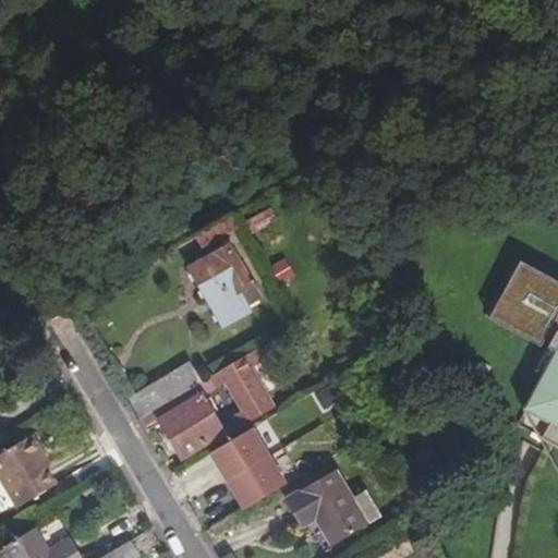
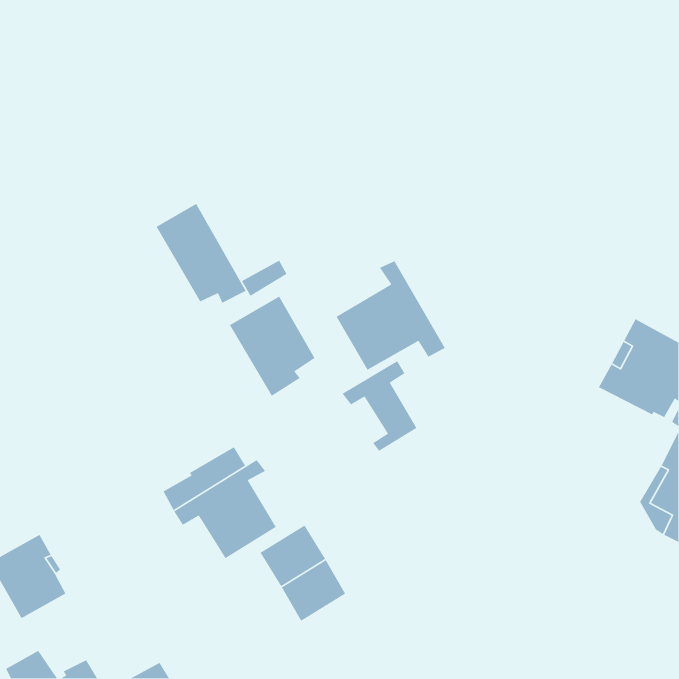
building: none -> [155,203,247,304]
building: none -> [336,260,446,371]
building: [210,349,272,424] -> [341,360,417,452]
building: [287,472,380,544] -> none

